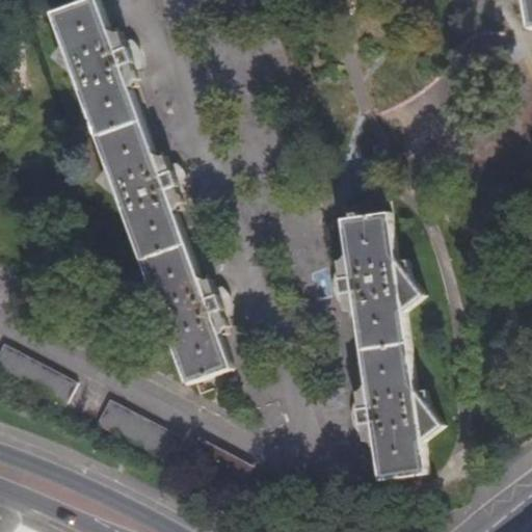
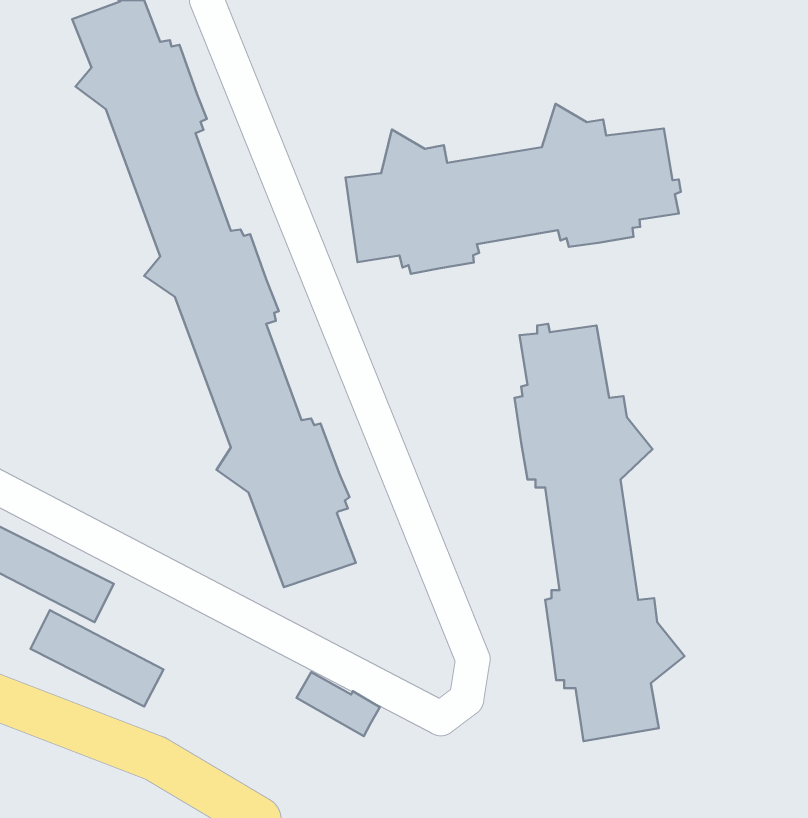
building: none -> [345,104,681,274]
building: [94,396,180,458] -> [30,610,164,706]

